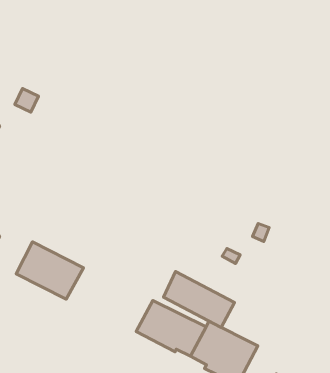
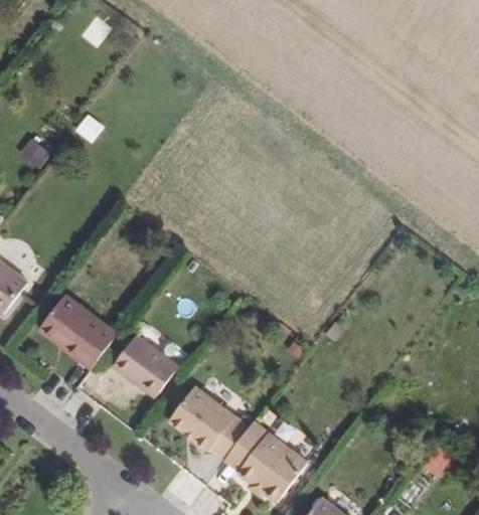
building: none -> [112,333,178,396]
building: [163,271,234,327] -> none

